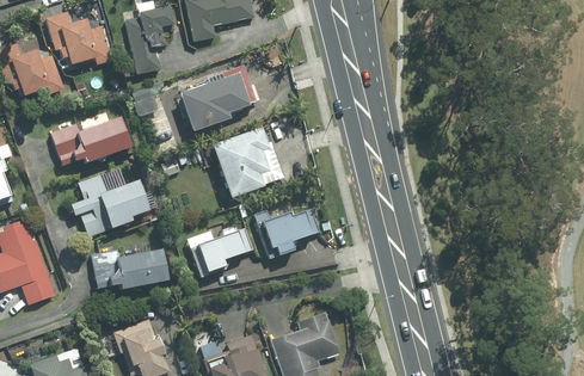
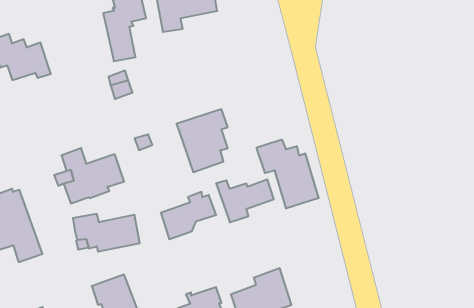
building: [47,12,113,66] -> none
building: [178,75,247,132] -> none
building: [50,118,130,165] -> none
building: none -> [257,140,319,209]

